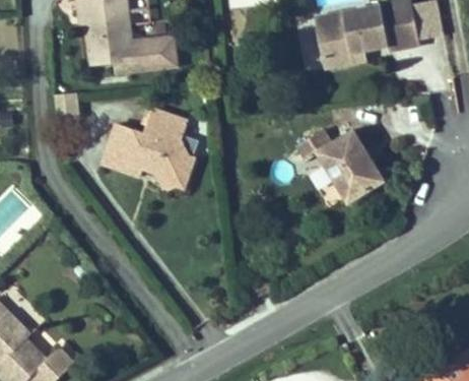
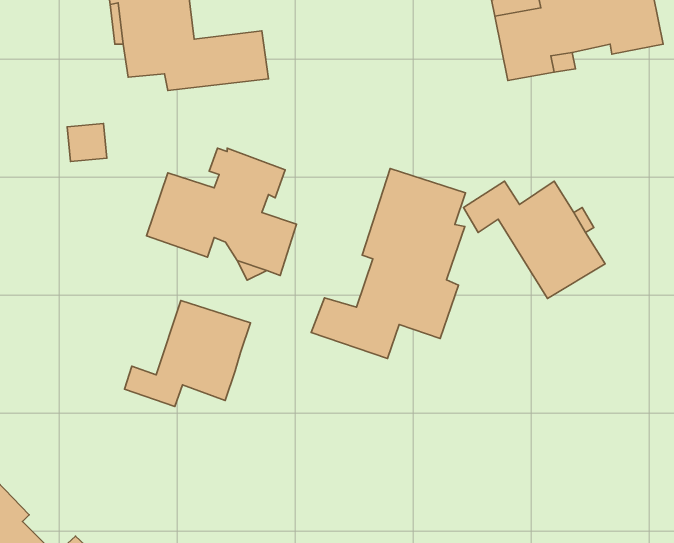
building: none -> [311,168,466,359]
building: none -> [125,301,251,407]

